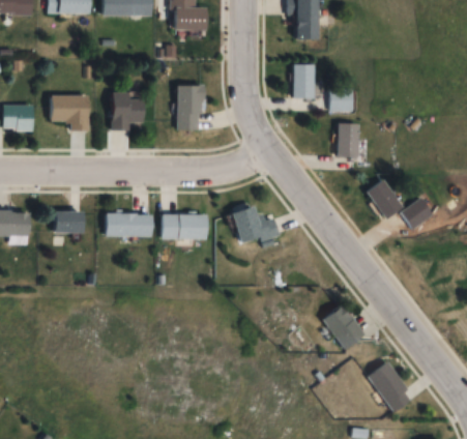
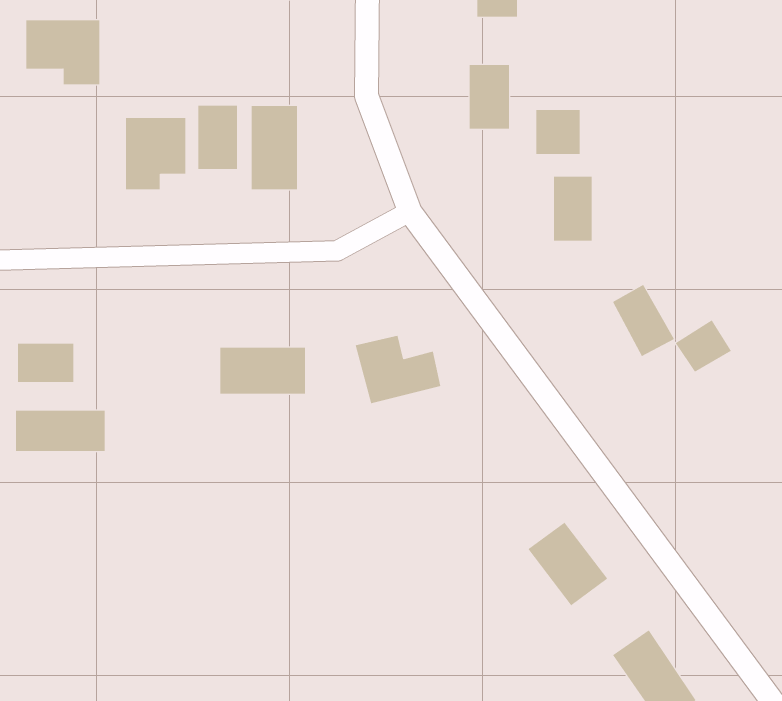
building: none -> [198,105,238,170]
building: [51,96,90,130] -> [26,20,100,85]
building: [106,213,153,235] -> [15,410,106,451]

